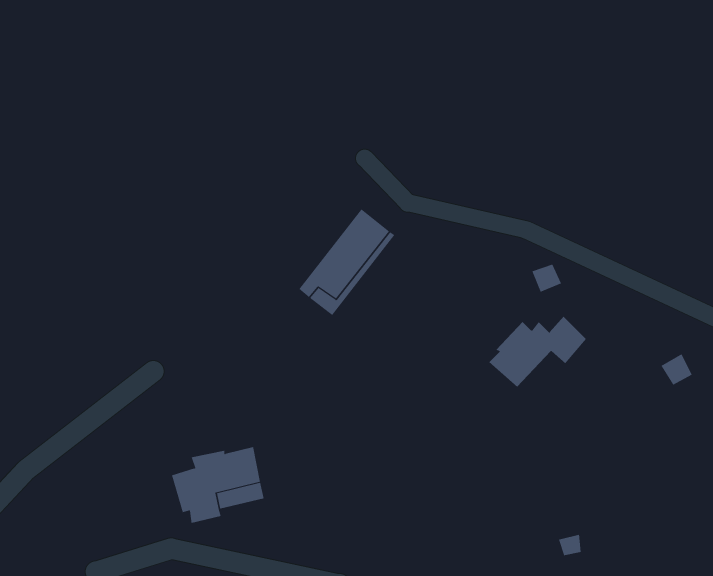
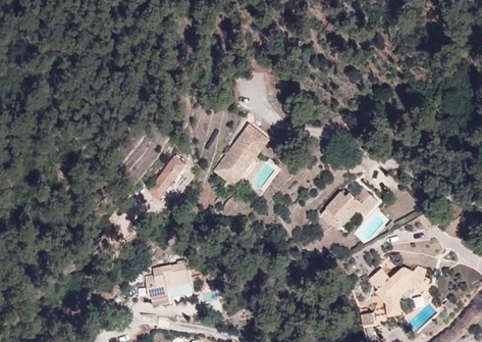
building: none -> [149,150,188,195]
building: none -> [370,266,429,313]

